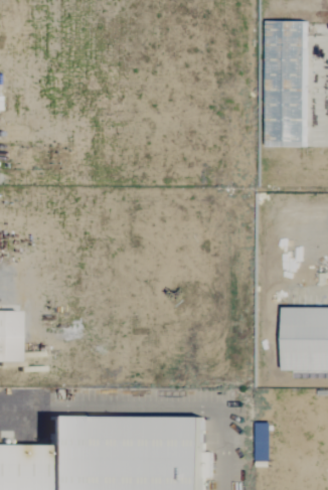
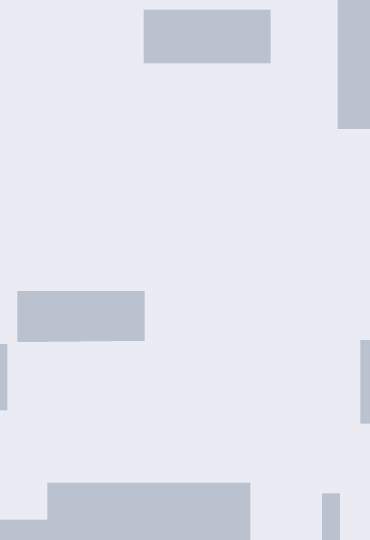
building: none -> [143,9,271,64]
building: none -> [17,290,145,343]

